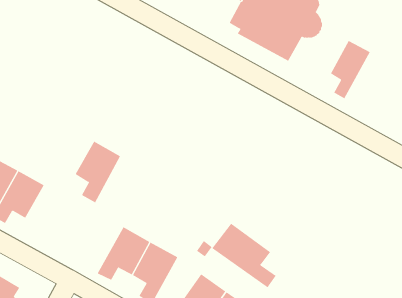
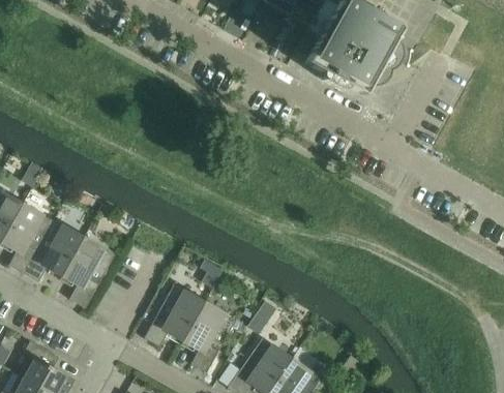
building: [330,40,370,99] -> none
building: [75,141,121,203] -> [61,237,114,308]
building: [212,223,276,288] -> none

